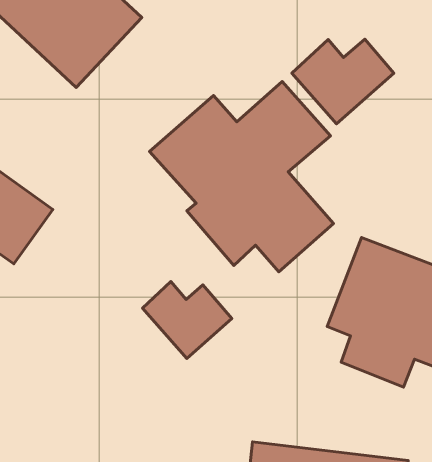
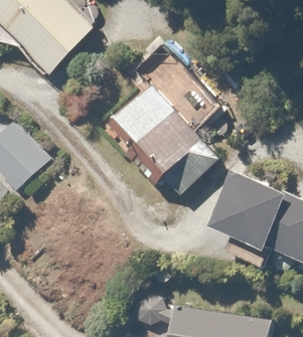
building: [292,39,394,124] -> none
building: [143,281,232,358] -> none

